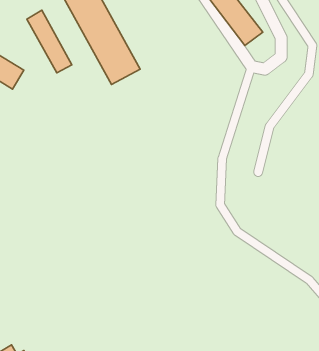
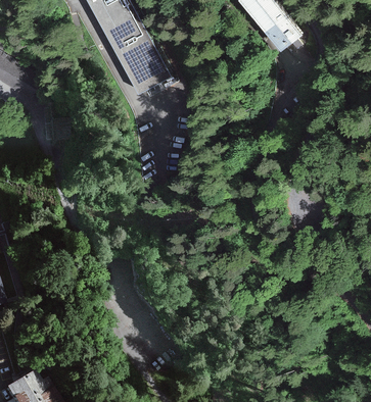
building: [27,10,72,73] -> none

